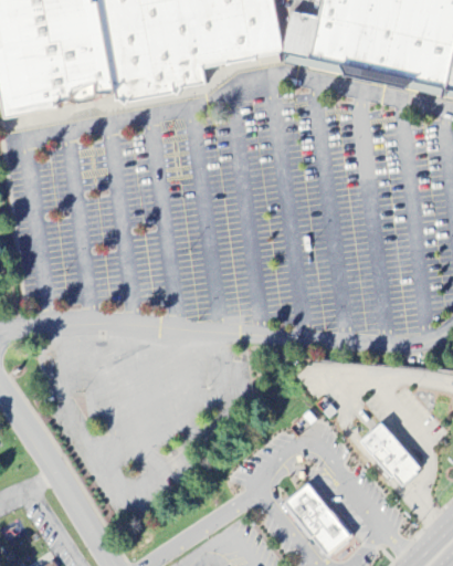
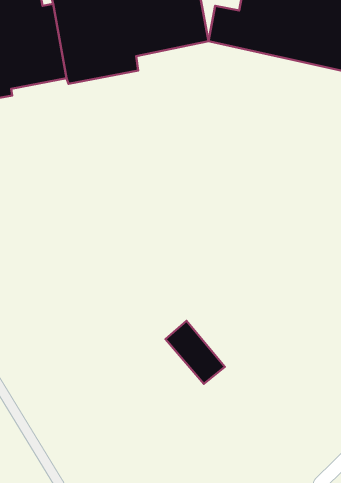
building: [361,421,420,483] -> none
building: [285,480,354,553] -> [166,321,225,384]

